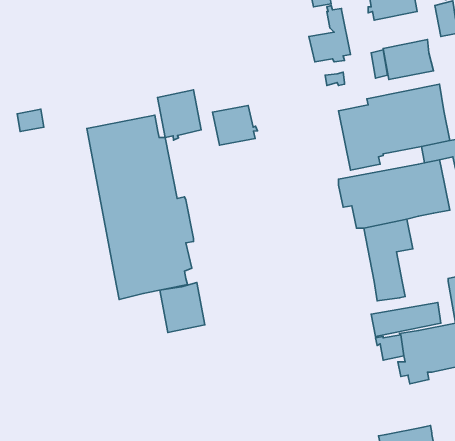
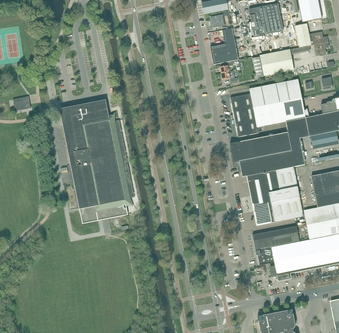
building: [158,90,201,140] -> none
building: [213,105,257,145] -> none
building: none -> [269,165,303,221]
building: [160,283,205,332] -> none

